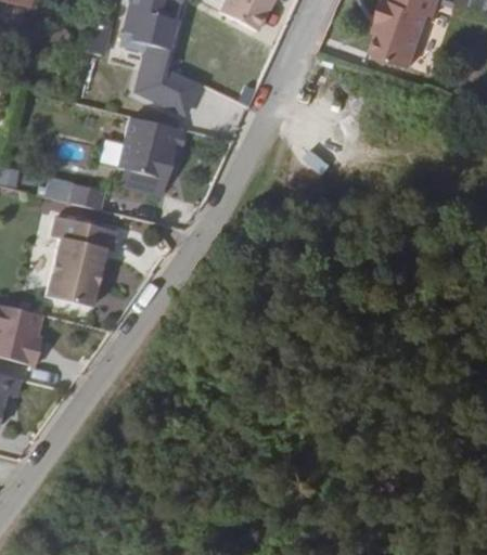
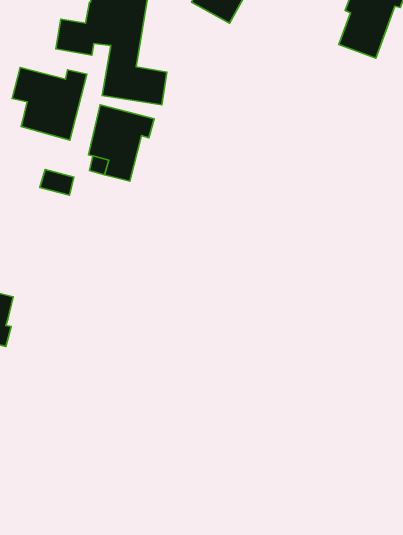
building: none -> [12,68,87,140]
building: [40,216,114,311] -> none

